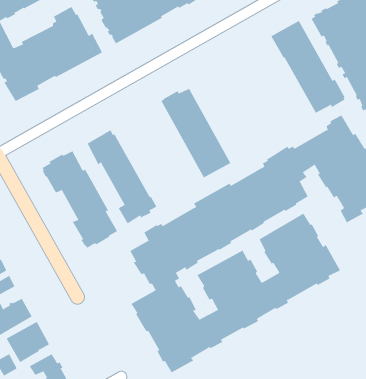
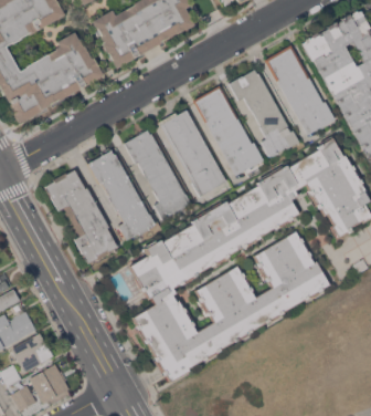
building: none -> [229,70,299,157]
building: none -> [193,86,264,177]
building: none -> [125,129,192,220]

